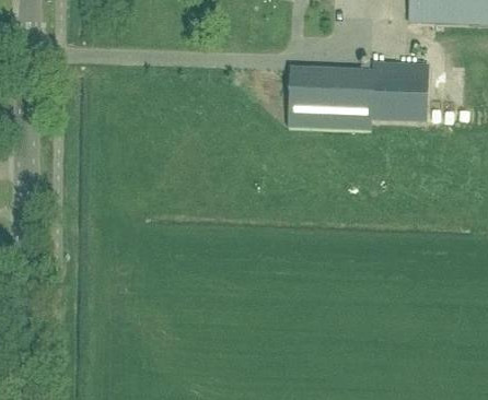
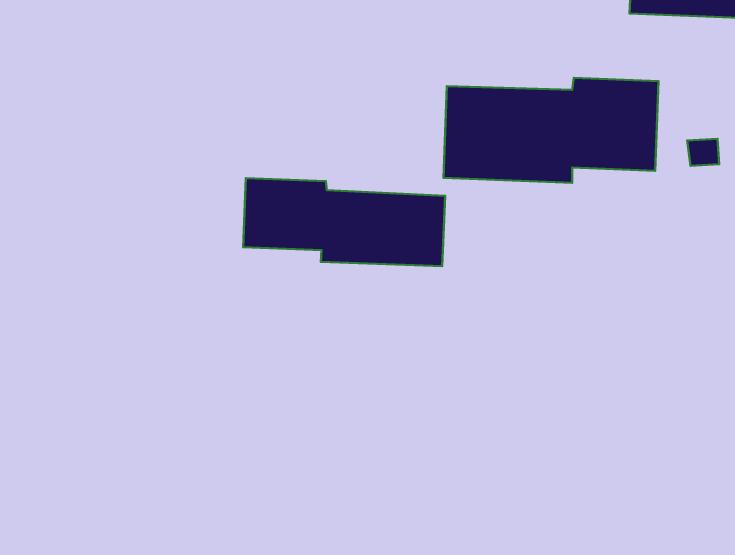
building: none -> [243,178,445,266]

